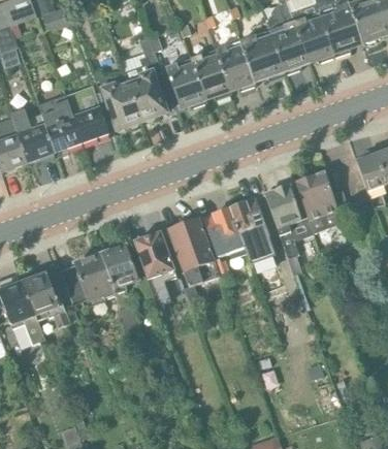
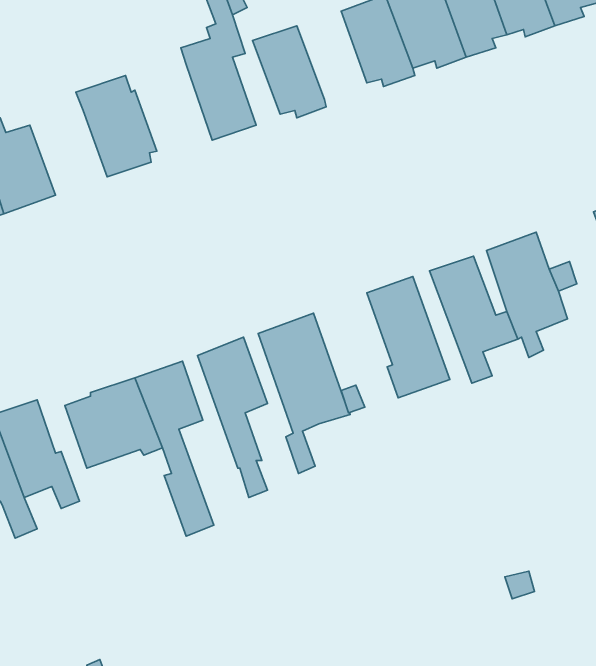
building: [190,49,231,99] -> none
building: [92,69,142,130] -> none
building: [38,94,84,152] -> none
building: [203,206,244,256] -> none

